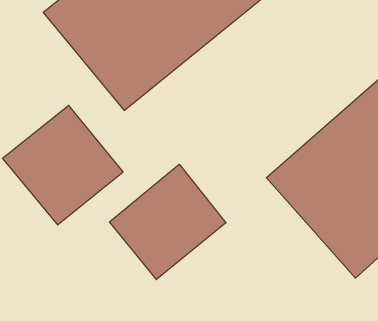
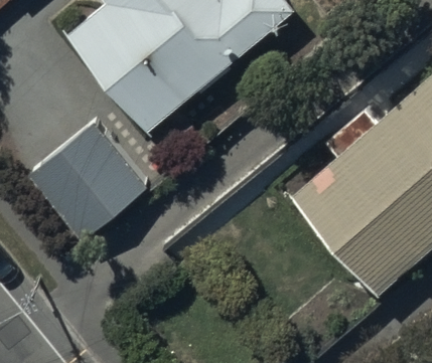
building: [109,164,226,280] -> none

